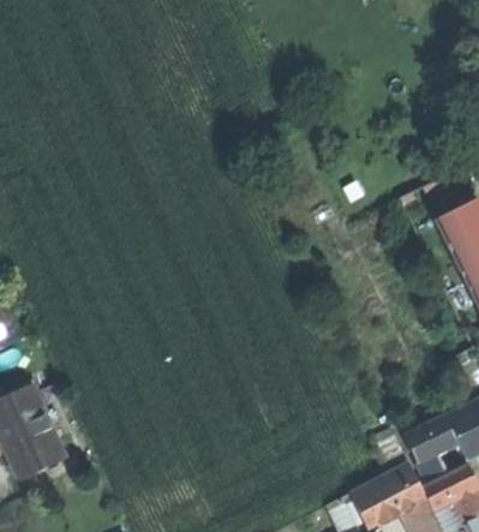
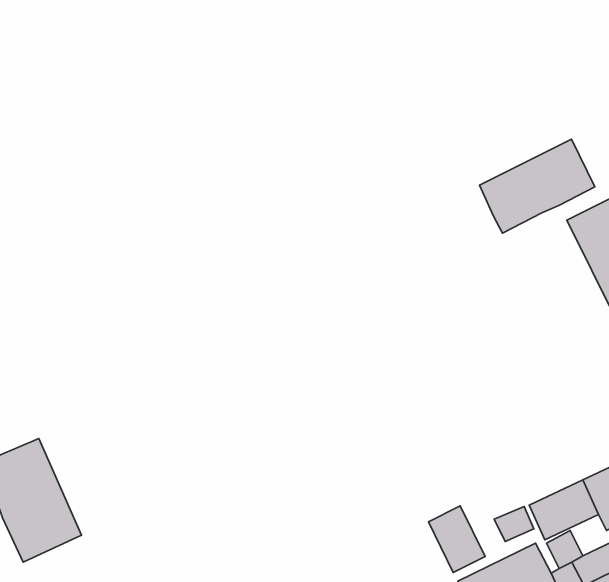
building: none -> [479,139,595,233]
building: none -> [428,506,485,573]

